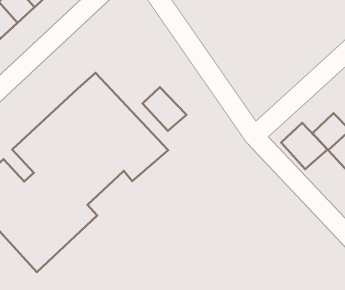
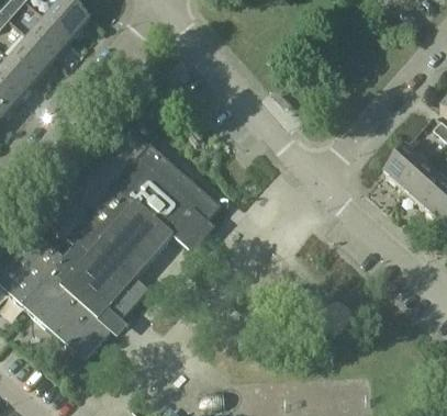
building: [143,87,186,131] -> none
building: [281,123,328,169] -> none

